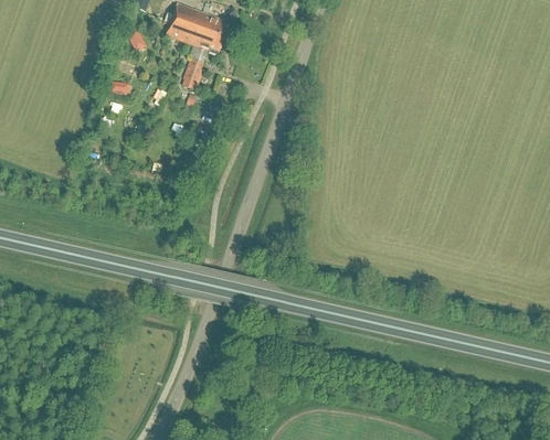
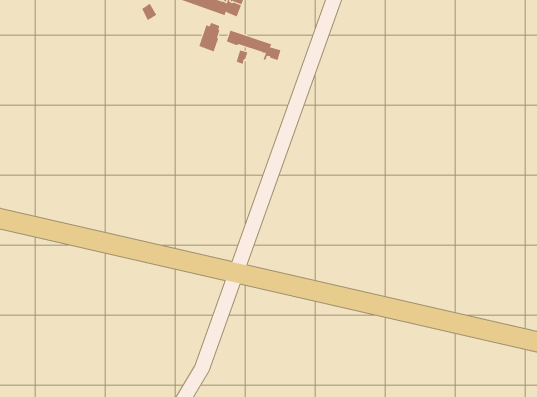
building: none -> [226,30,281,61]

